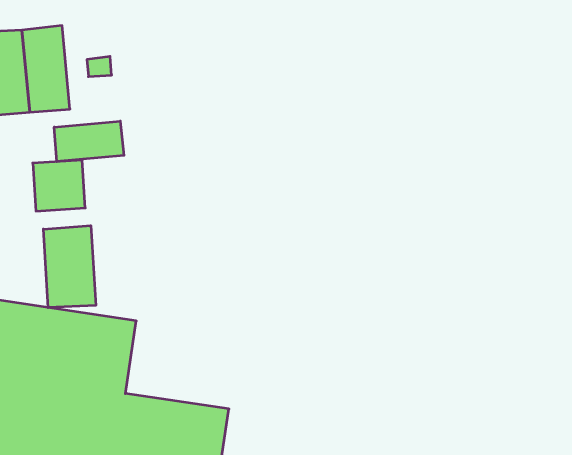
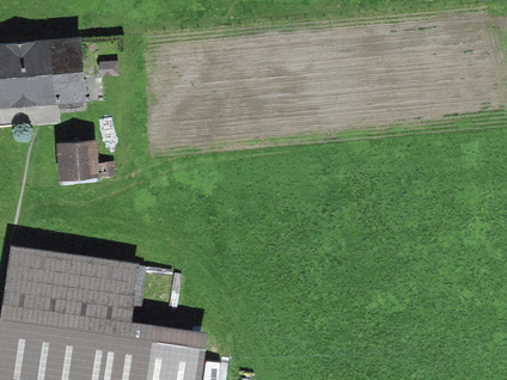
building: [54,121,124,162] -> none
building: [43,226,96,308] -> none

